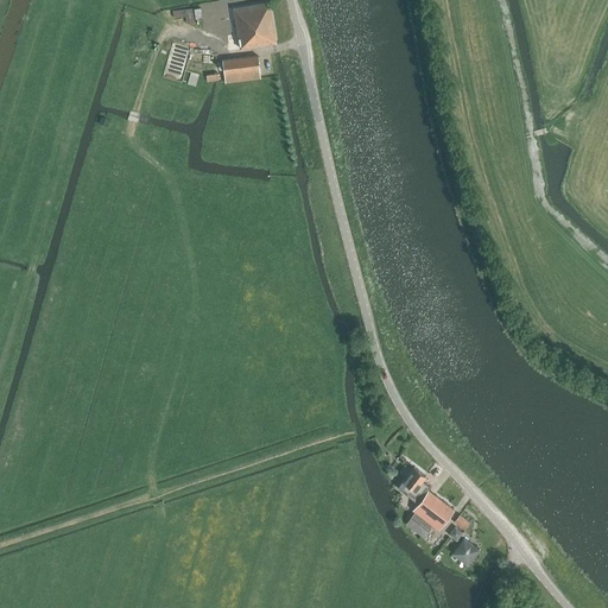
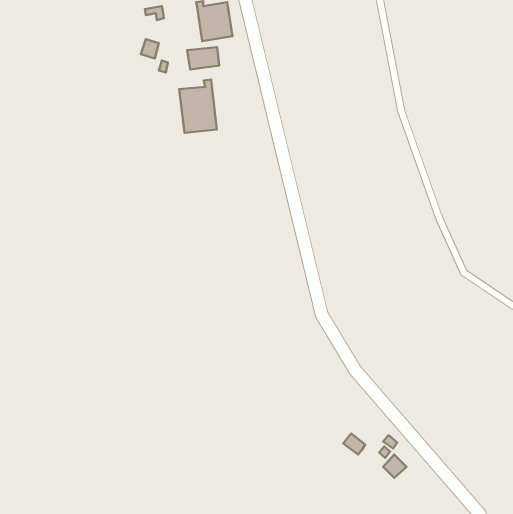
building: none -> [179,80,217,133]
building: [397,467,452,528] -> none

